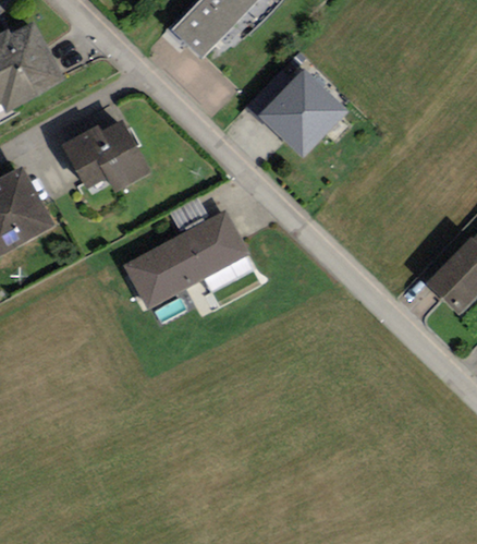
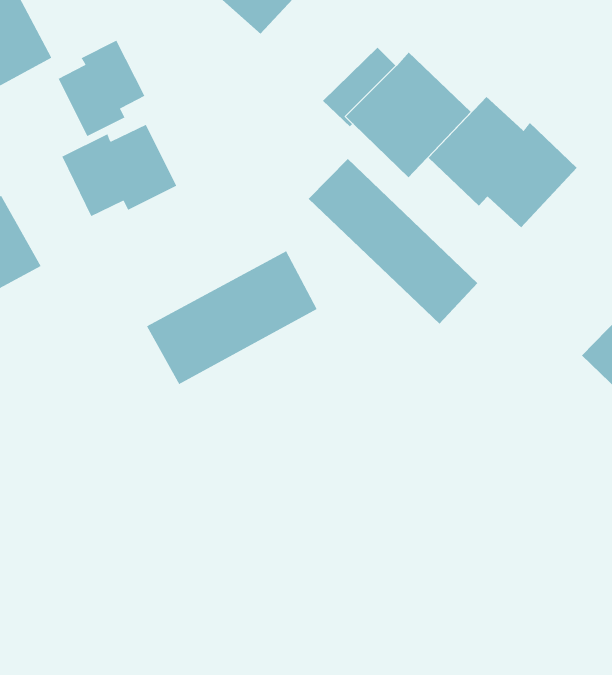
building: none -> [58,40,145,137]
building: none -> [428,96,578,228]
building: none -> [308,158,478,325]

